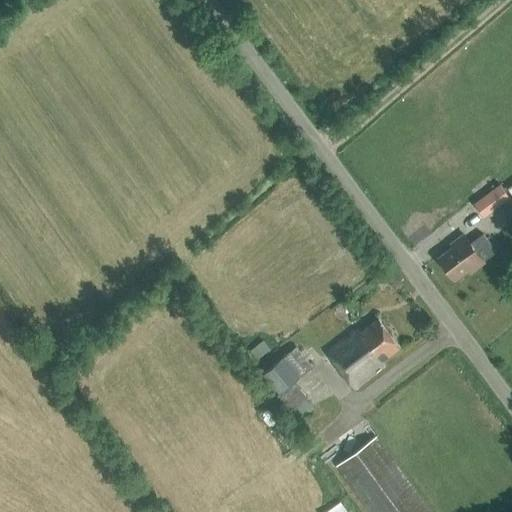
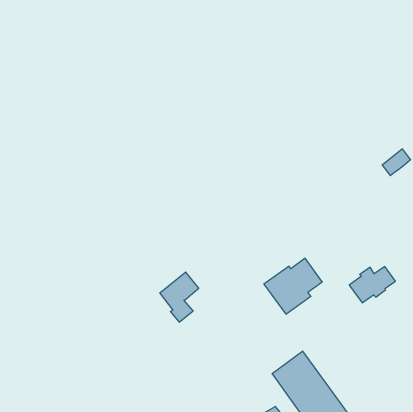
building: [437,236,494,281] -> [349,267,395,303]
building: [263,350,311,412] -> [160,272,199,322]

